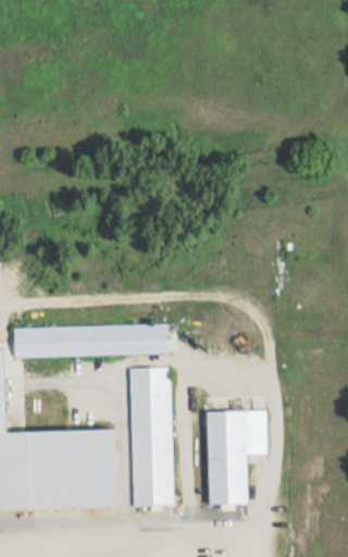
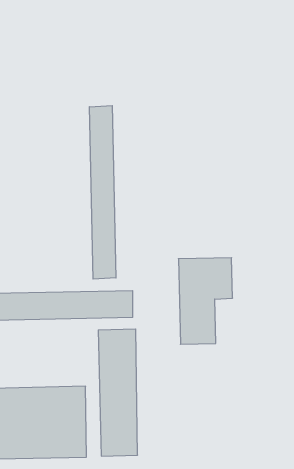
building: none -> [89,106,116,279]
building: [207,409,266,505] -> [178,258,233,344]

